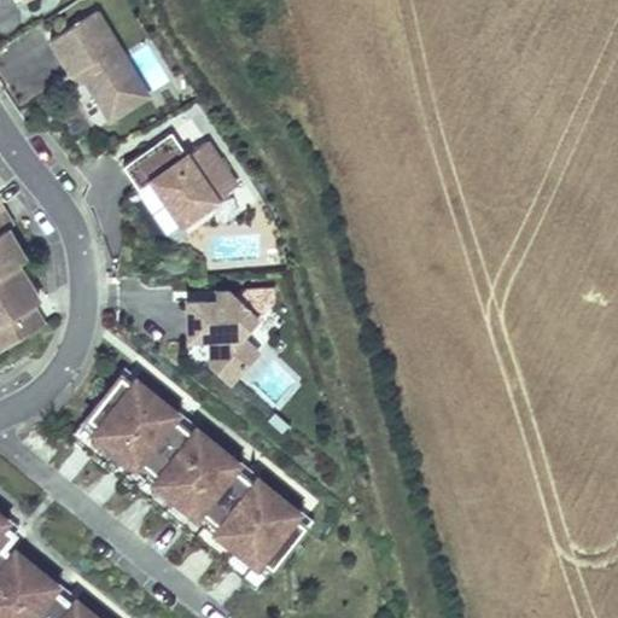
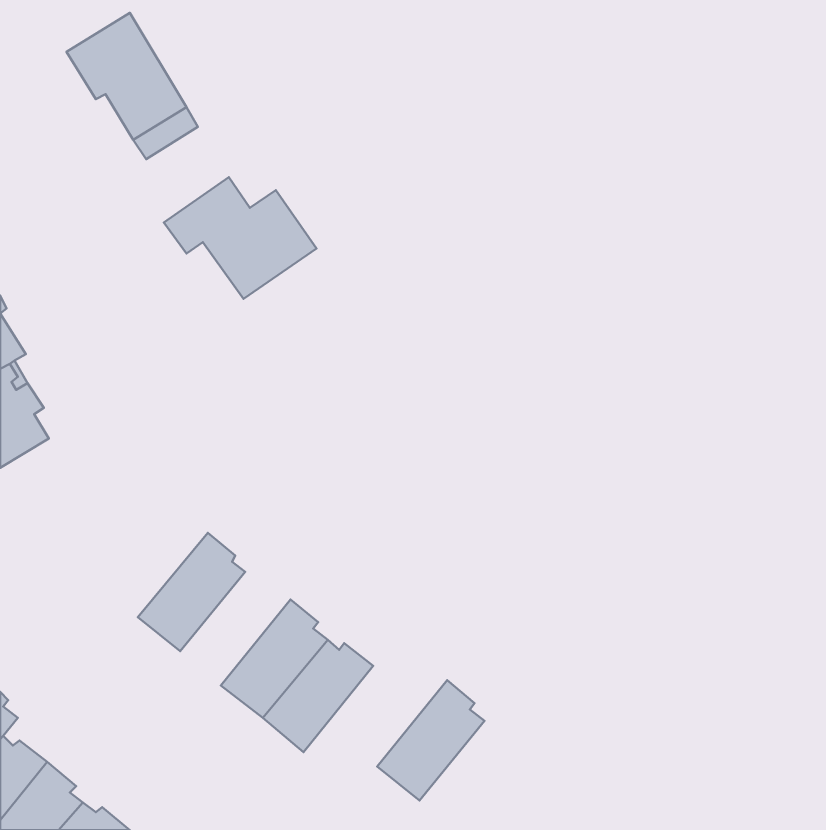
building: [190,290,260,380] -> none
building: [75,375,157,459] -> none
building: [136,425,218,509] -> none
building: [228,495,308,584] -> [377,680,484,800]

